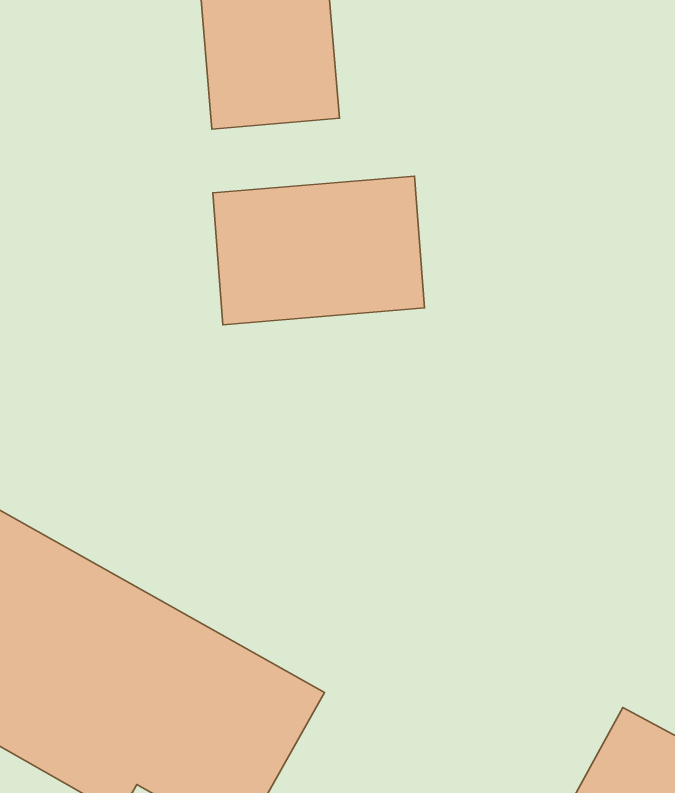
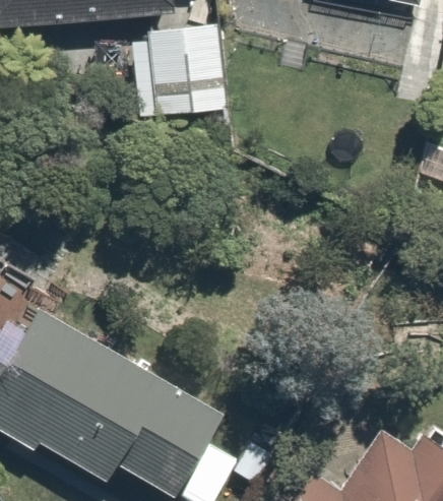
building: [213,176,425,325] -> none

